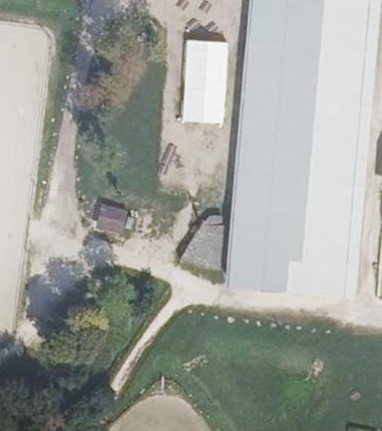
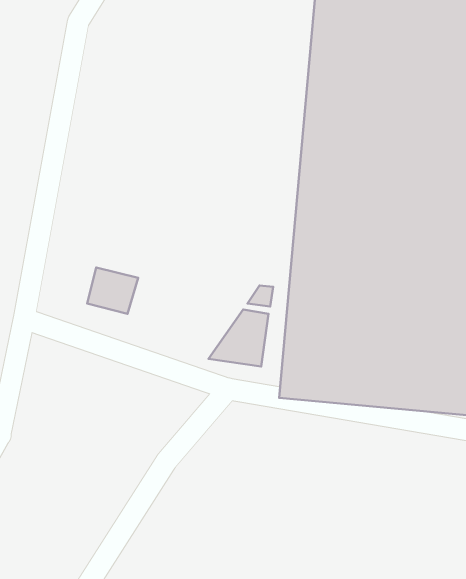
building: [181,39,229,122] -> none

